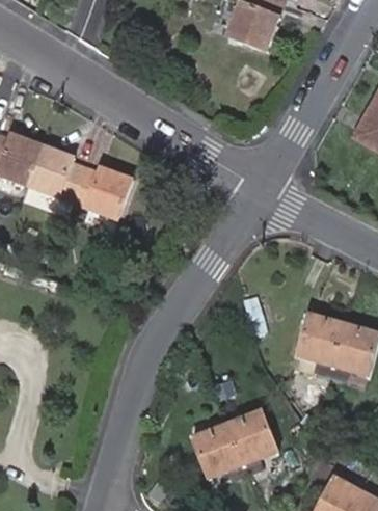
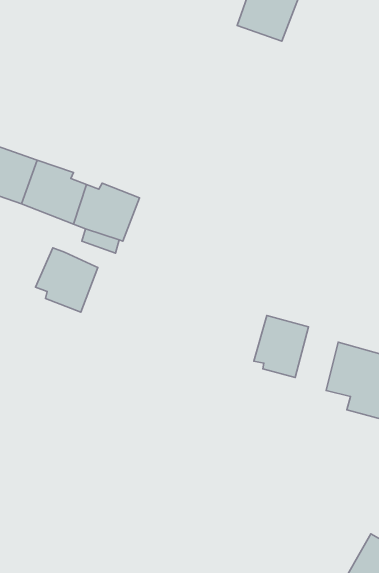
building: none -> [36,248,98,312]
building: none -> [254,315,308,377]
building: [197,403,282,478] -> none

